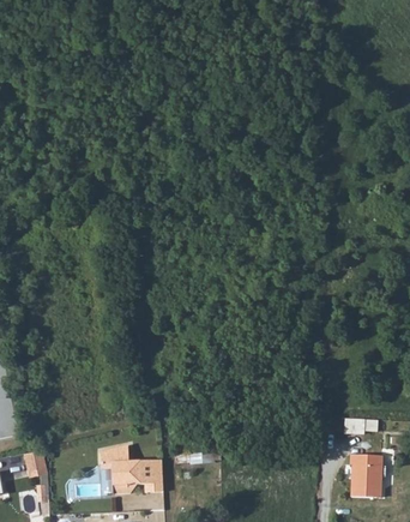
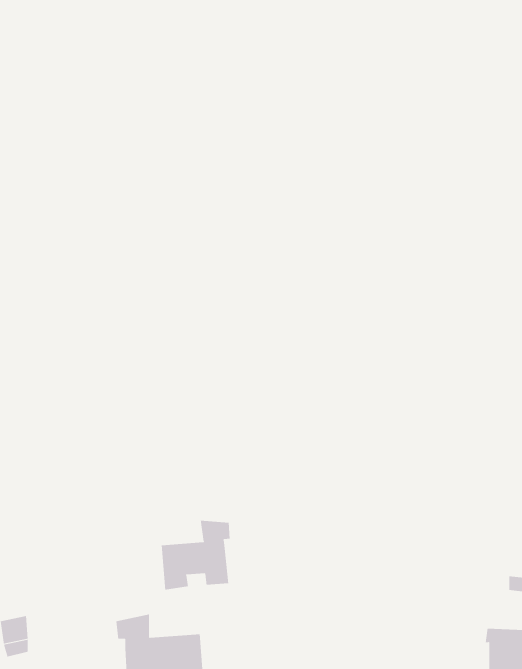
building: none -> [161,520,230,590]

